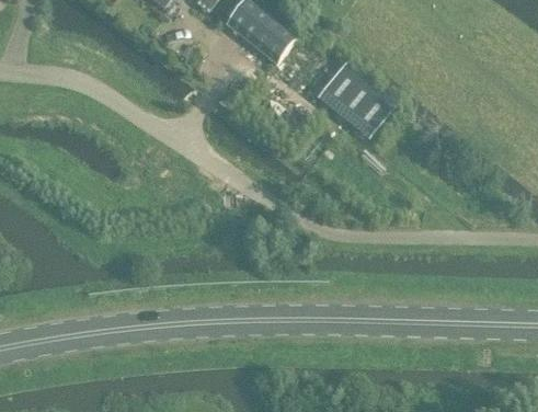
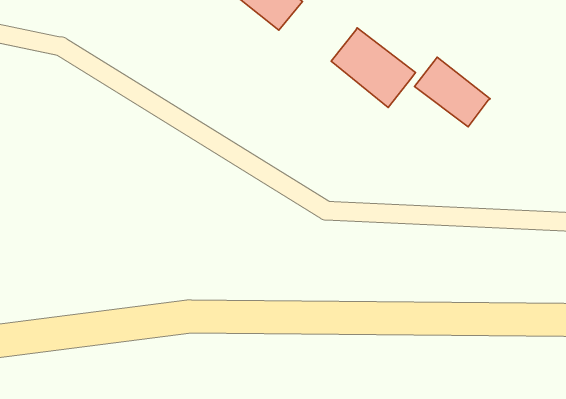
building: none -> [415,57,490,127]

